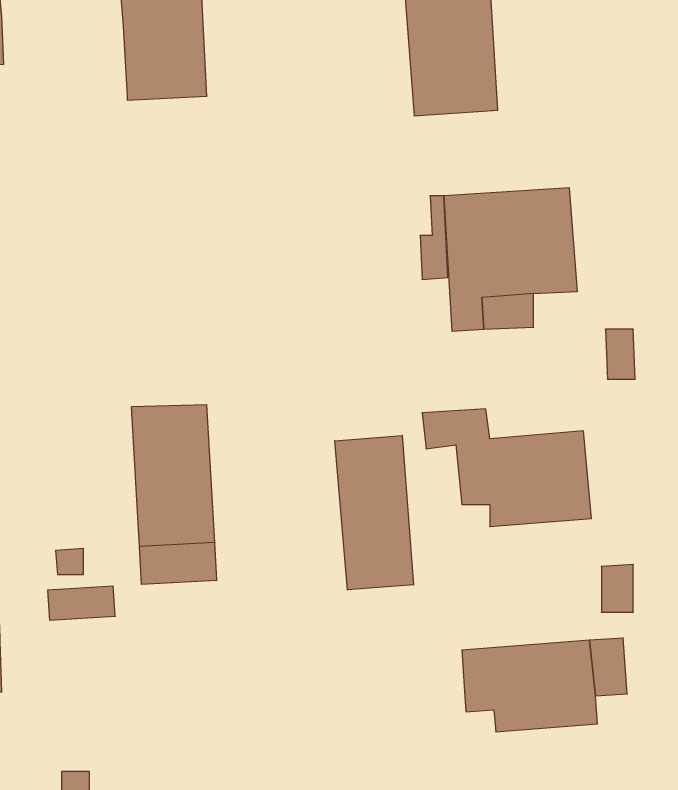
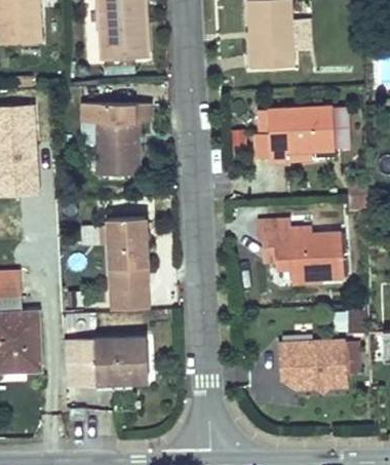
building: none -> [82,105,151,176]
building: [335,435,413,590] -> none
building: none -> [63,337,149,389]

